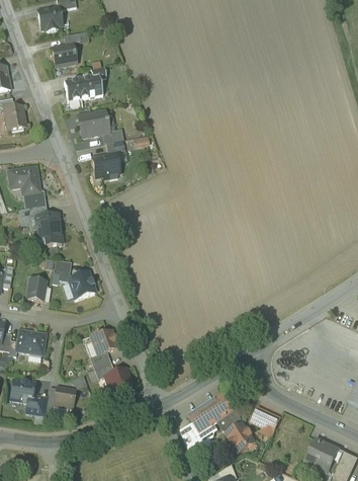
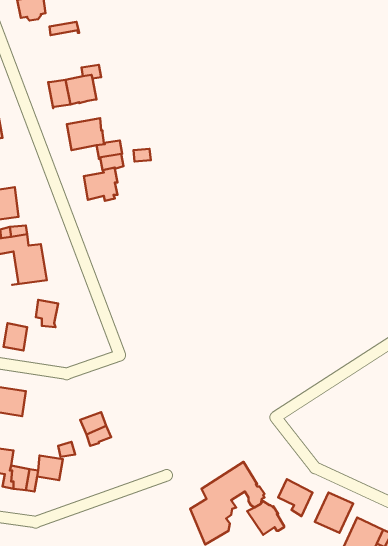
building: [52,44,77,67] -> none
building: [69,271,95,299] -> none
building: [91,330,118,354] -> none
building: [105,368,132,393] -> none
building: none -> [315,492,353,533]

